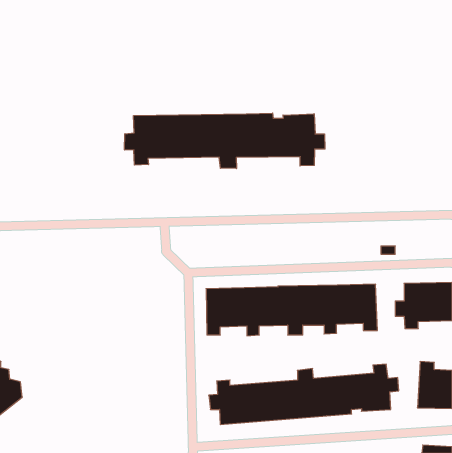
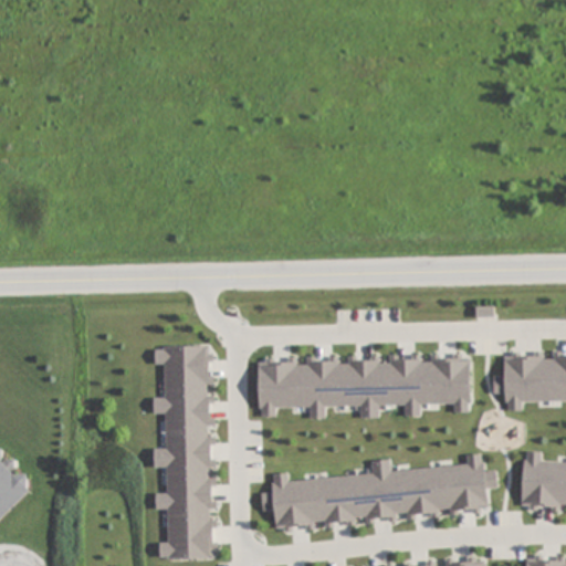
building: [125,113,325,169] -> none
building: none -> [151,345,211,558]

